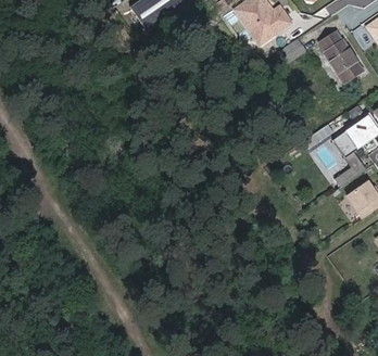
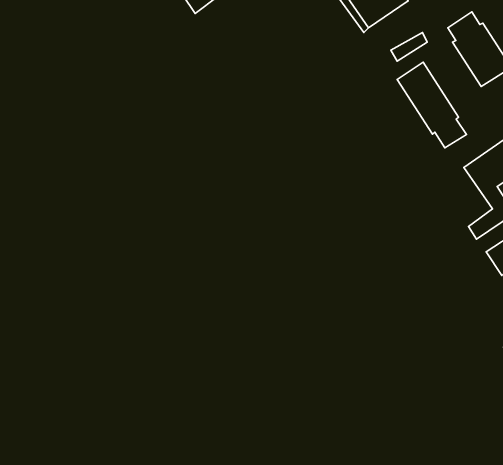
building: none -> [397,62,466,148]

